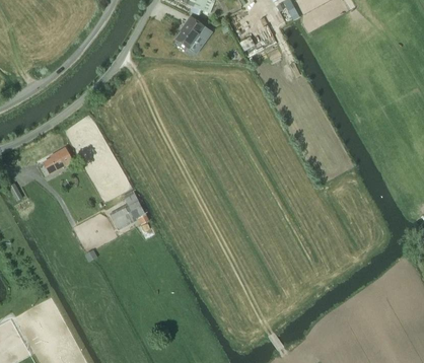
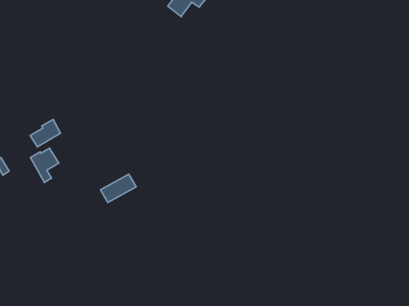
building: none -> [31,148,59,182]

